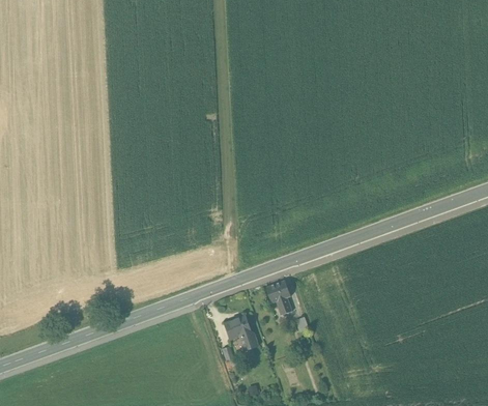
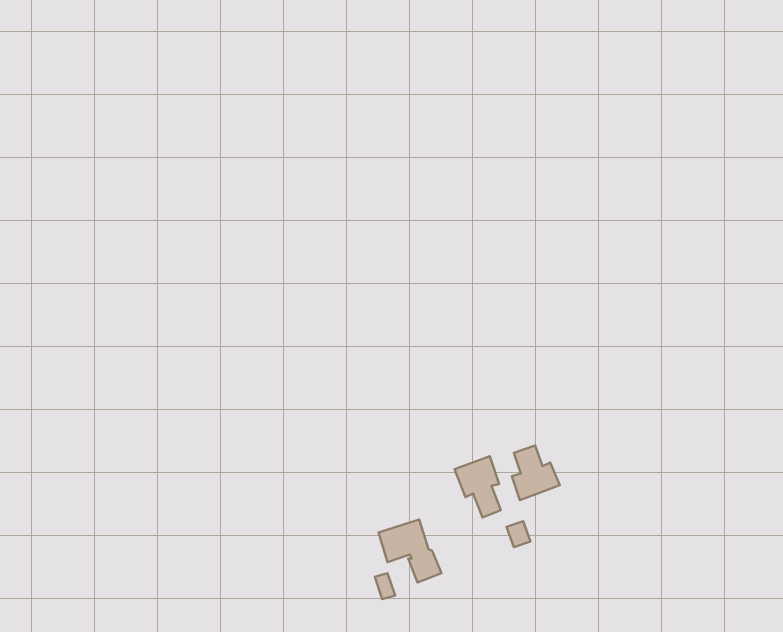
building: none -> [512,446,560,500]

